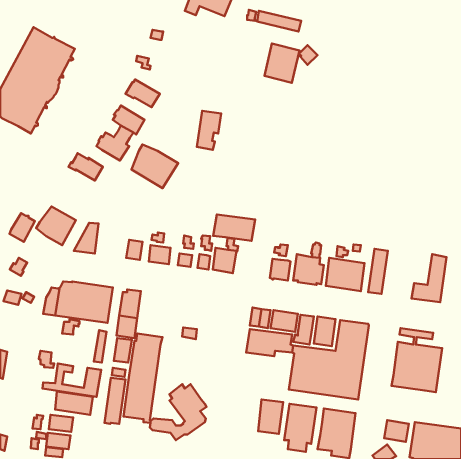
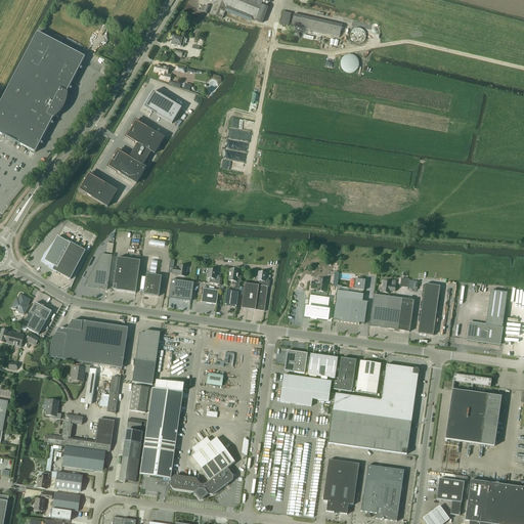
building: [264,43,299,83] -> none
building: [132,144,178,188] -> none
building: [9,213,35,242] -> [23,301,51,334]
building: [213,215,255,241] -> none
building: none -> [113,256,140,292]

